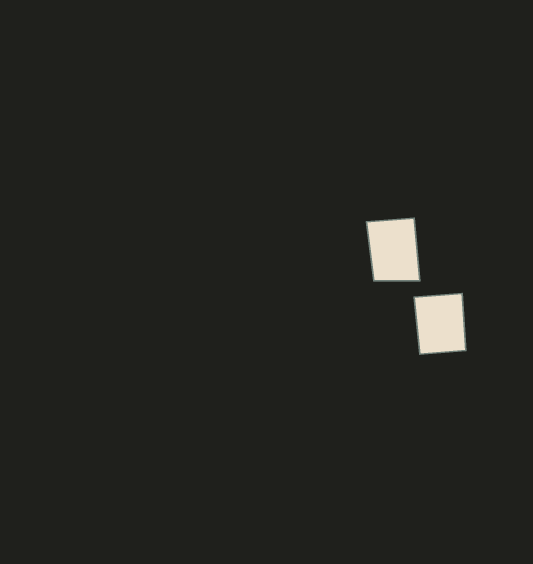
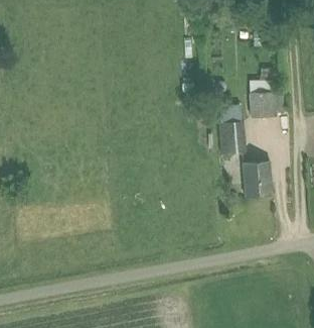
building: none -> [249,91,275,118]

